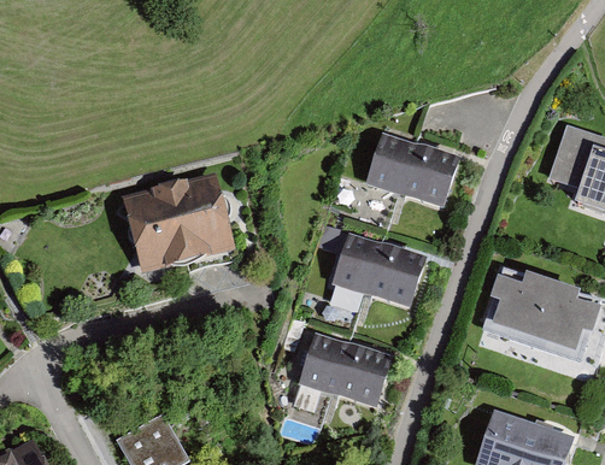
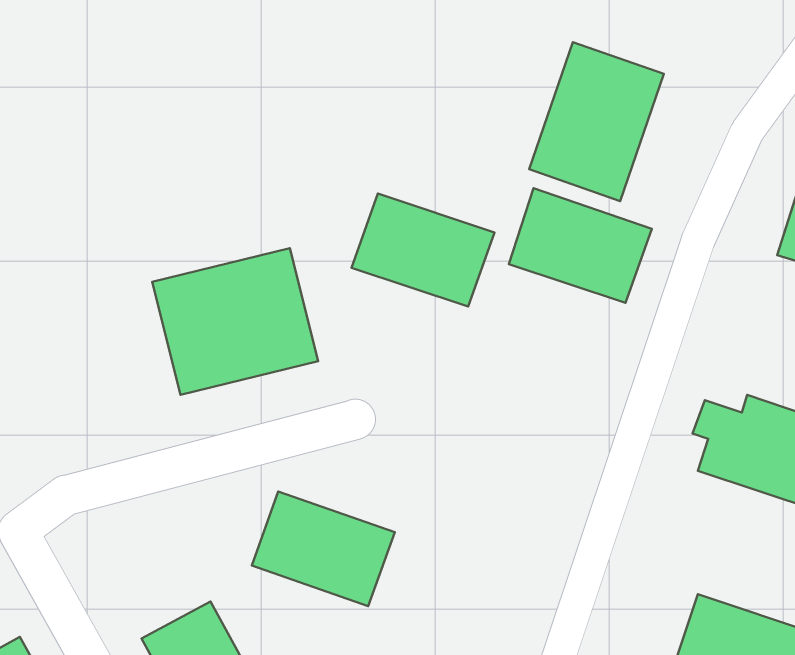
building: none -> [529,42,664,201]
building: [331,232,429,310] -> [351,194,494,307]
building: [298,332,395,411] -> [252,491,395,606]

